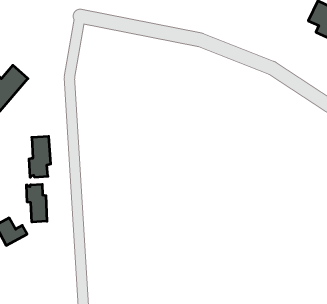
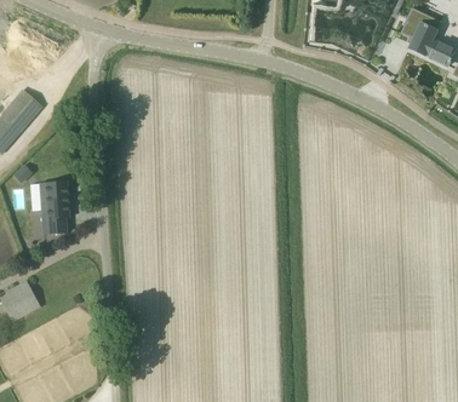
building: [26,184,47,222] -> none

